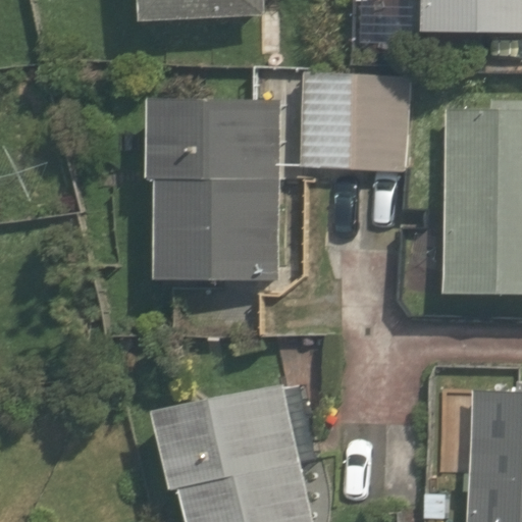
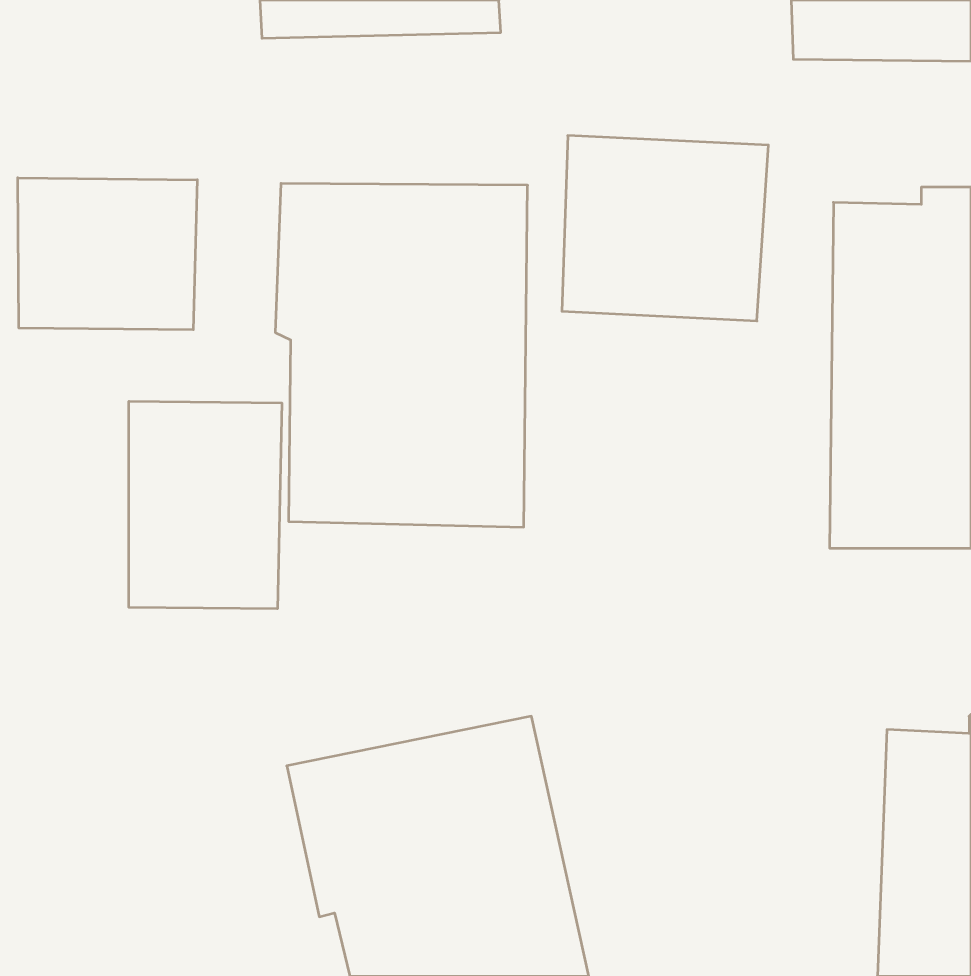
building: none -> [18,178,197,330]
building: none -> [129,401,282,609]

